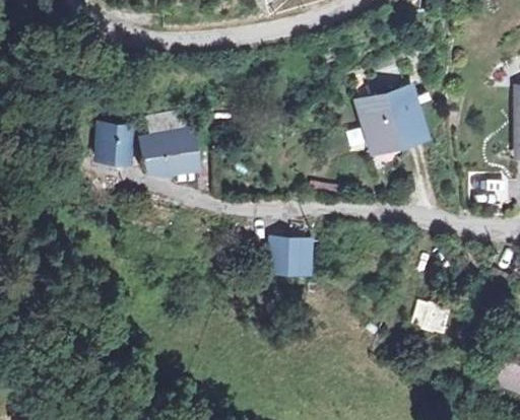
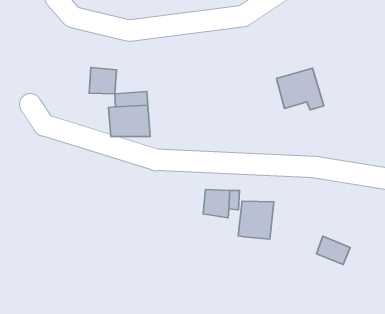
building: [103,128,137,161] -> [89,67,116,94]
building: none -> [238,201,274,239]

